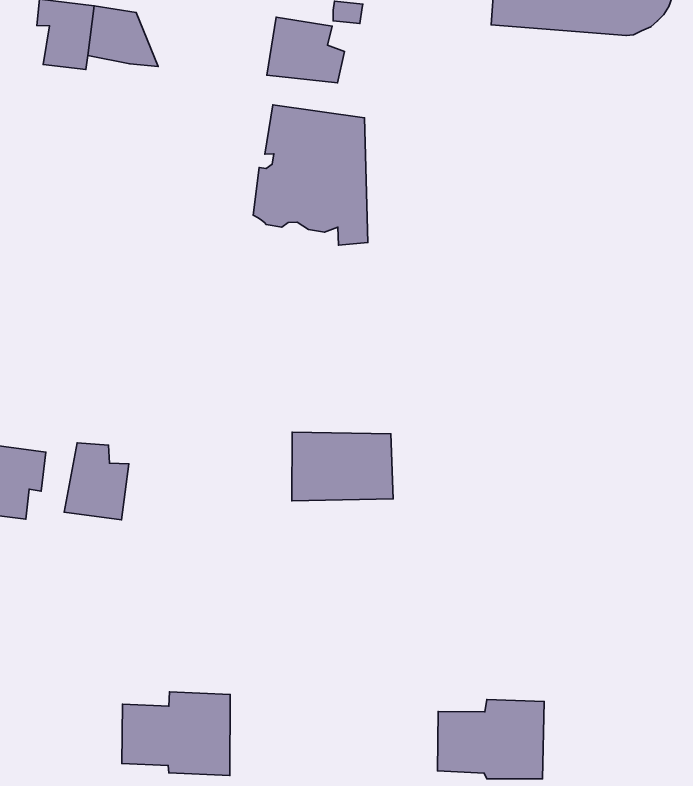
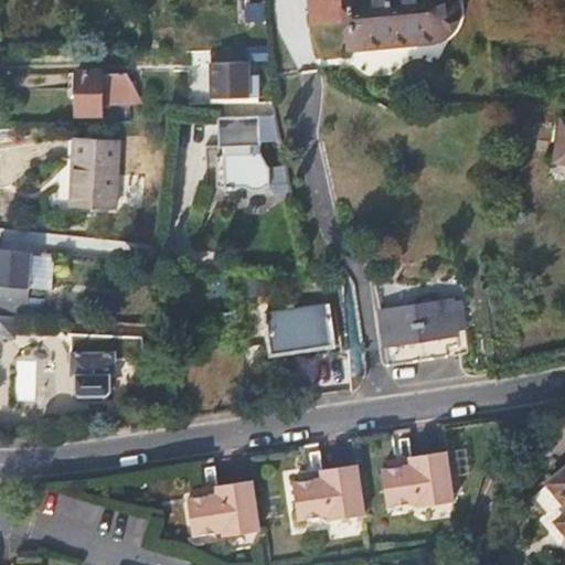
building: none -> [75,138,120,203]
building: none -> [376,281,465,344]
building: [64,443,129,520] -> none
building: none -> [292,466,364,521]

